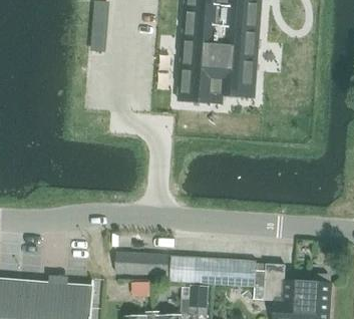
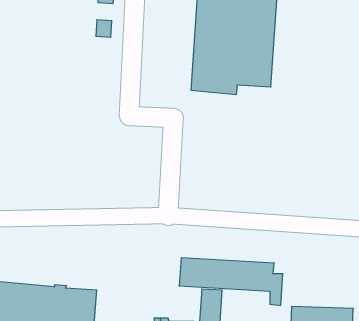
building: [114,251,168,276] -> none
building: [263,261,331,302] -> none

